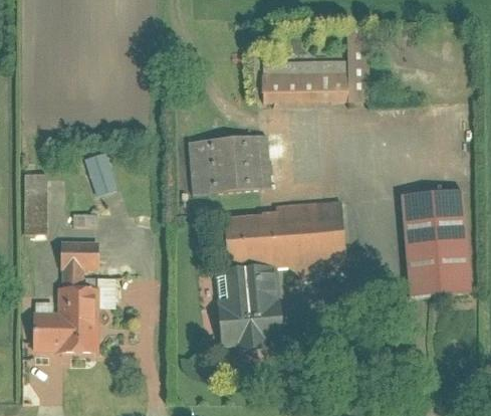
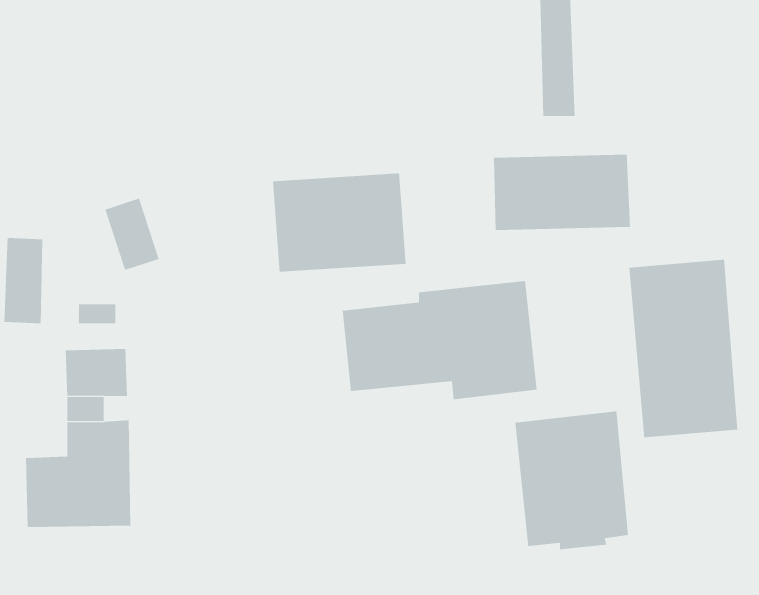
building: [262,57,345,103] -> [493,154,631,230]
building: [215,266,284,351] -> [514,411,629,550]

